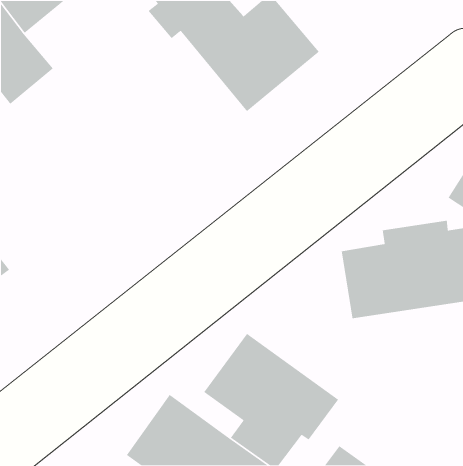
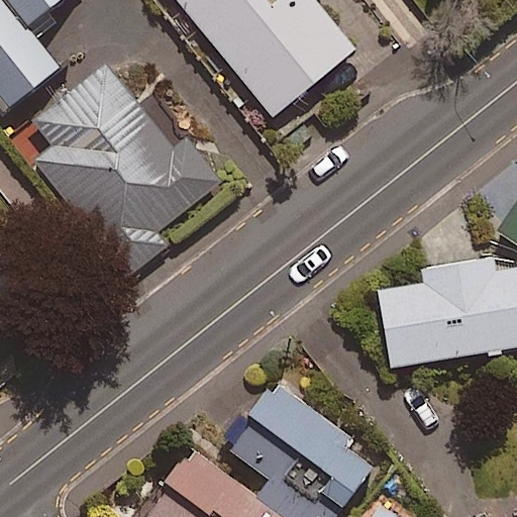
building: none -> [18,72,223,287]

